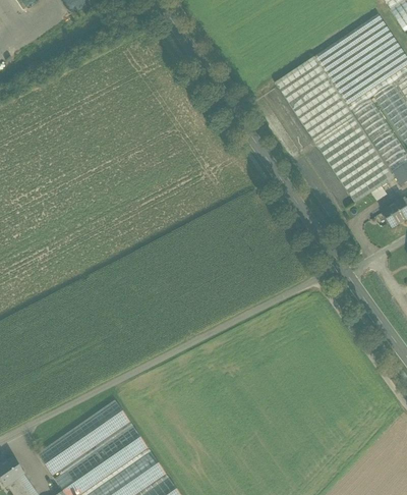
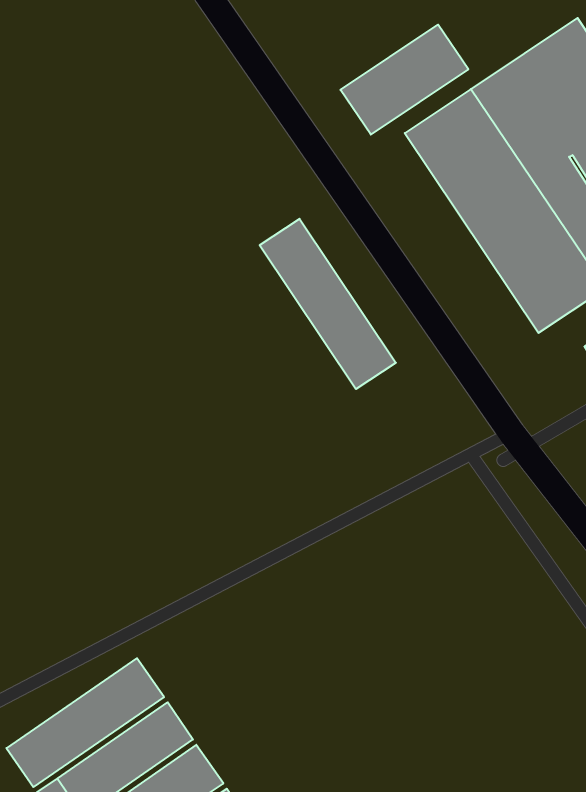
building: none -> [340,25,468,135]
building: none -> [260,219,396,389]

